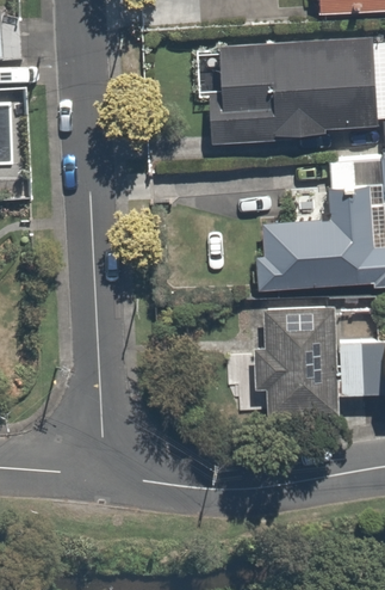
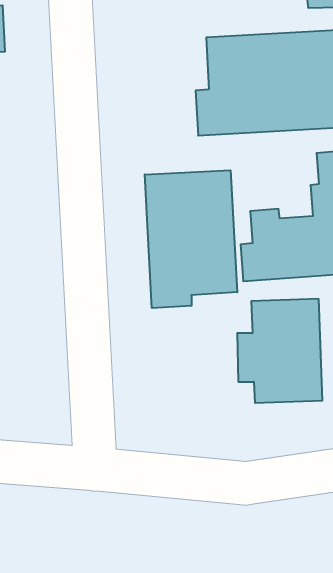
building: none -> [145,170,237,308]

